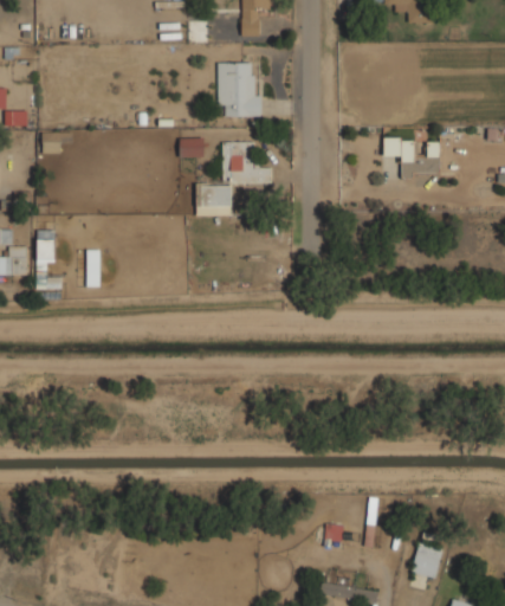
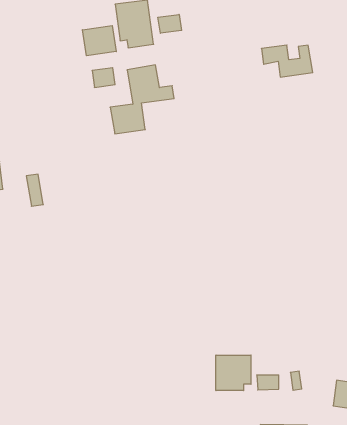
building: none -> [158,14,182,33]
building: none -> [82,26,116,56]
building: none -> [216,355,251,391]

